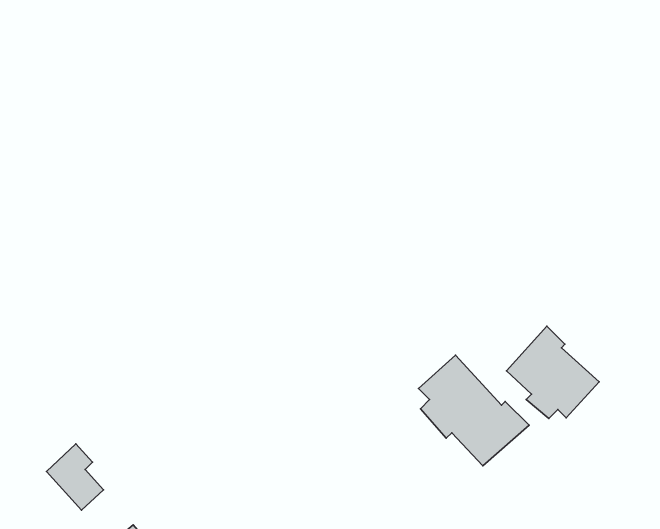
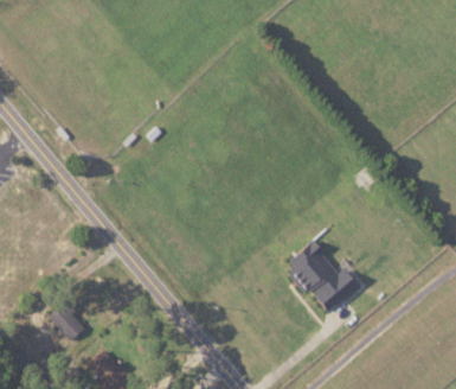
building: [506,326,599,419] -> none

